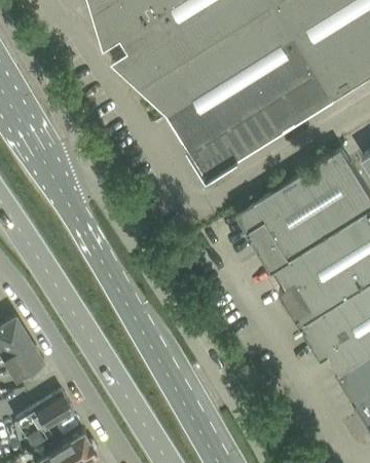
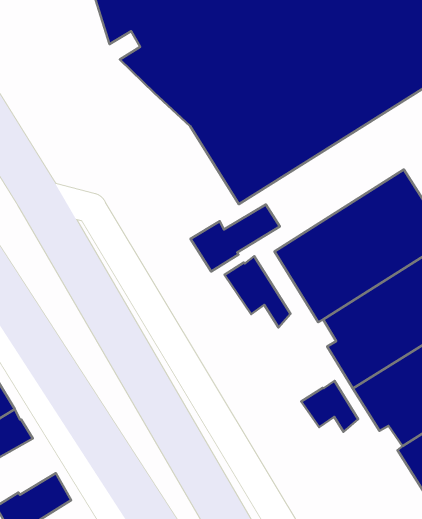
building: none -> [190,204,280,271]
building: none -> [225,256,290,327]
building: none -> [301,381,358,432]

